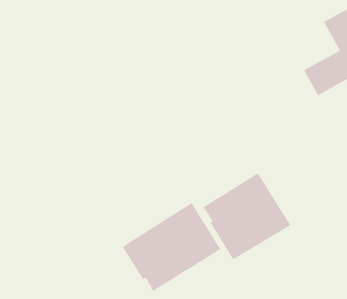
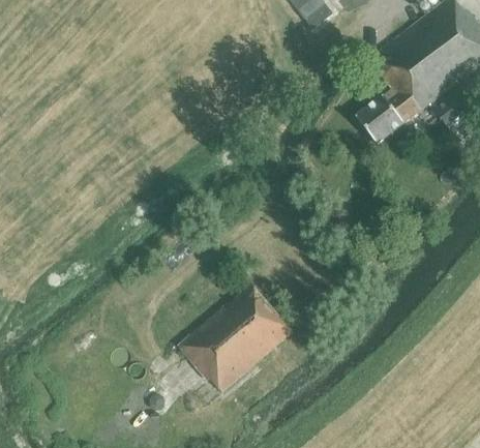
building: [203,173,291,260] -> none

